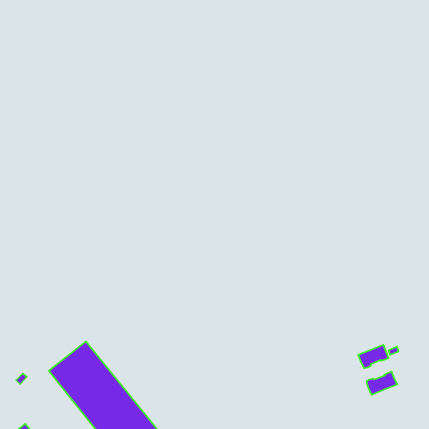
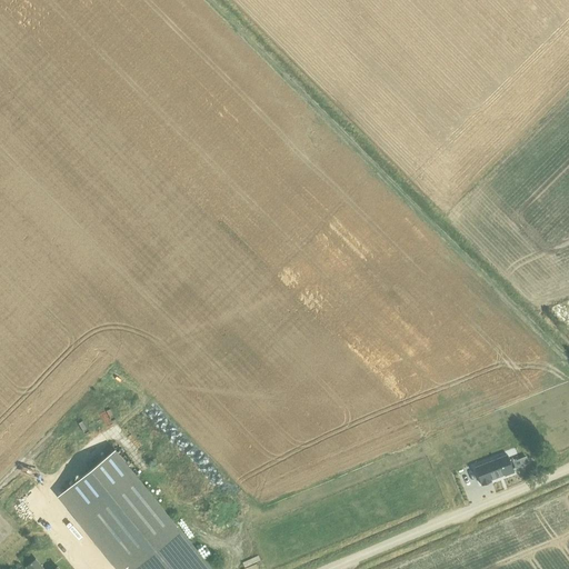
building: [366,371,397,395] -> none

